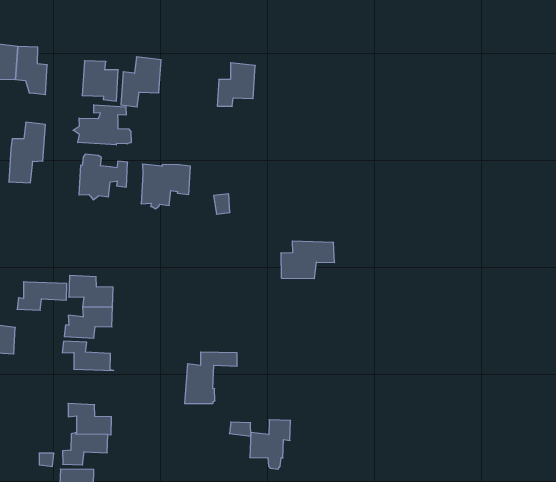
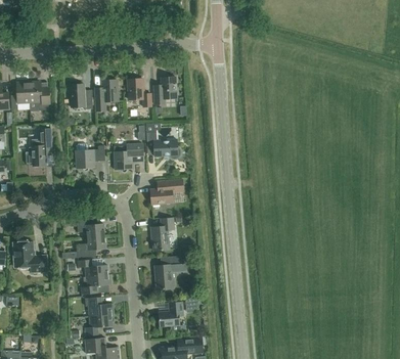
building: none -> [127,78,150,106]
building: [73,105,131,145] -> none
building: none -> [146,132,179,158]
building: [281,241,335,279] -> [149,179,183,205]
building: [17,282,67,310] -> [81,274,110,294]
building: none -> [149,217,174,251]
building: [250,420,291,469] -> [158,301,182,331]

